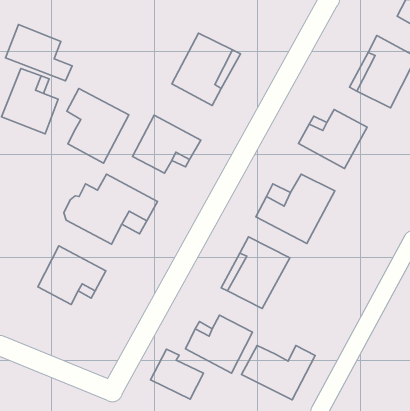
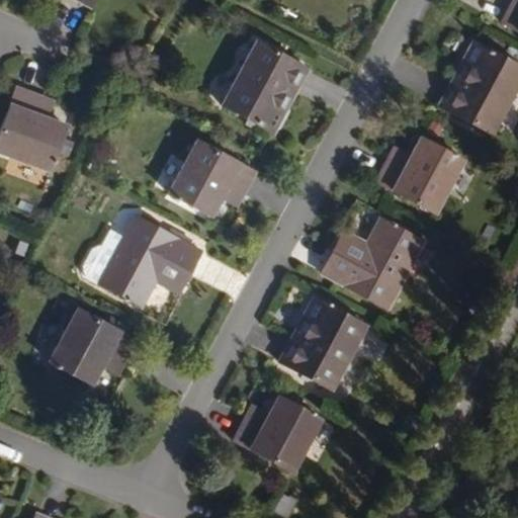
building: [6,25,72,81] -> none
building: [67,89,129,163] -> none
building: [242,345,315,400] -> none
building: [151,349,203,399] -> none

